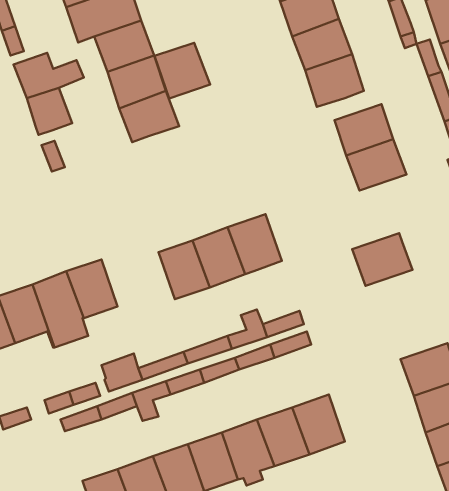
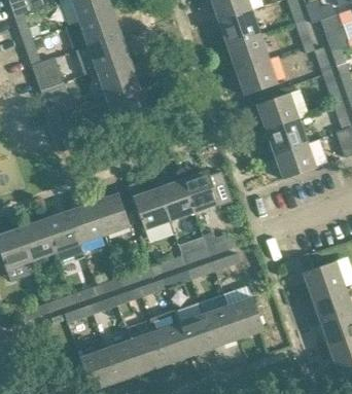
building: [154,43,210,99] -> none
building: [352,233,412,286] -> [274,142,316,179]
building: none -> [93,192,130,235]

